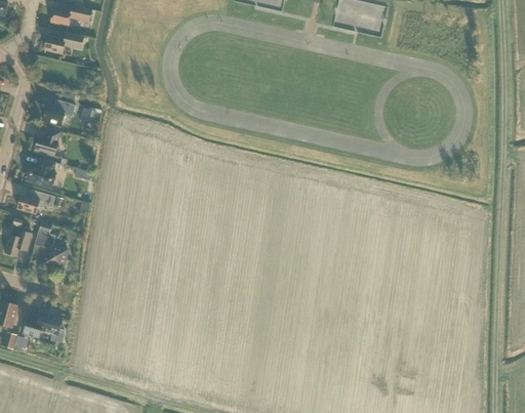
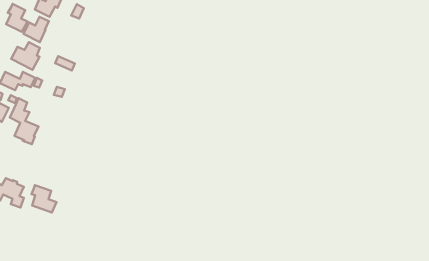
building: none -> [6,4,28,32]
building: none -> [31,185,57,213]

